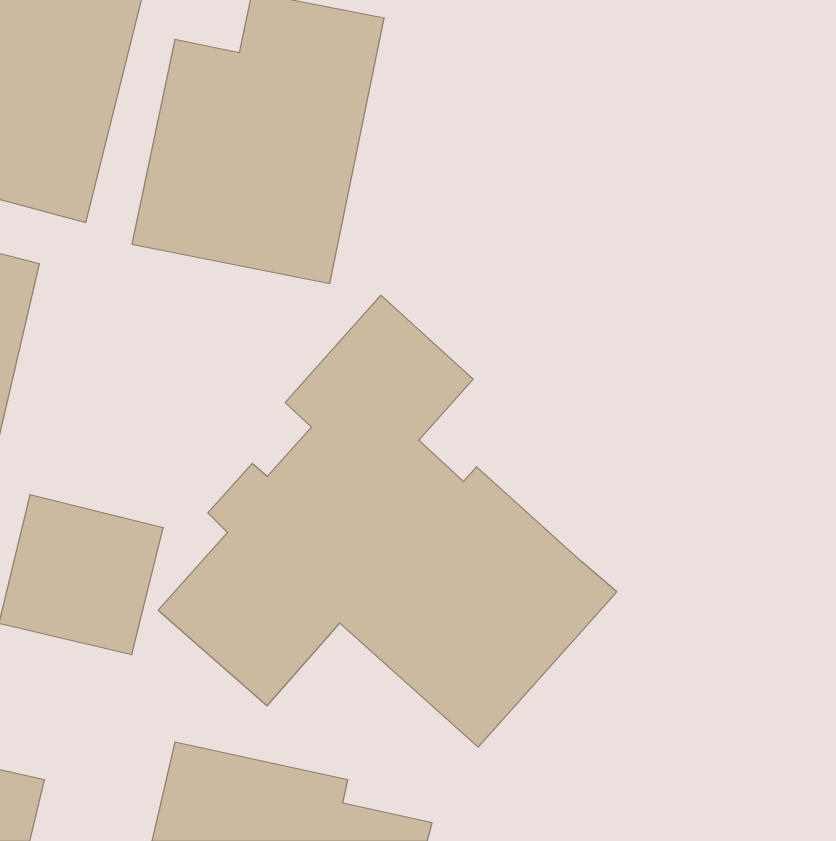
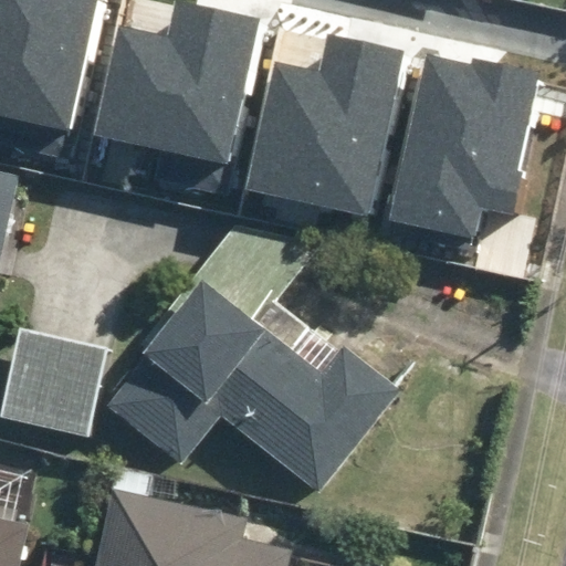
building: none -> [238,20,407,217]
building: none -> [389,54,536,237]

